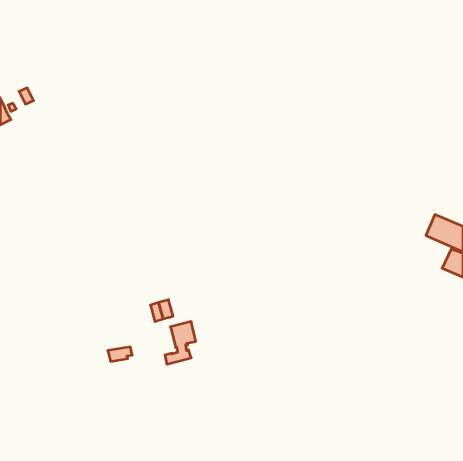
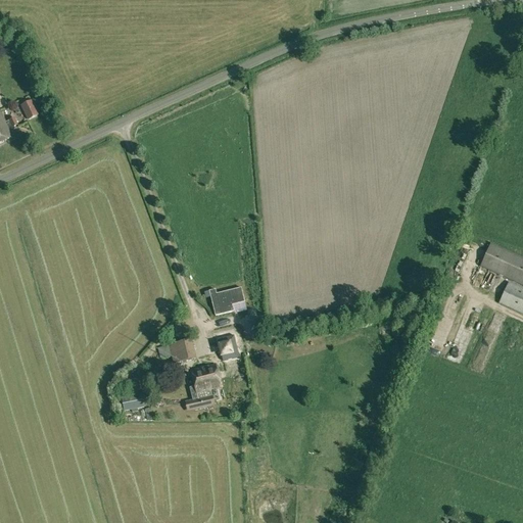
building: none -> [209,286,245,315]
building: none -> [218,334,239,360]

